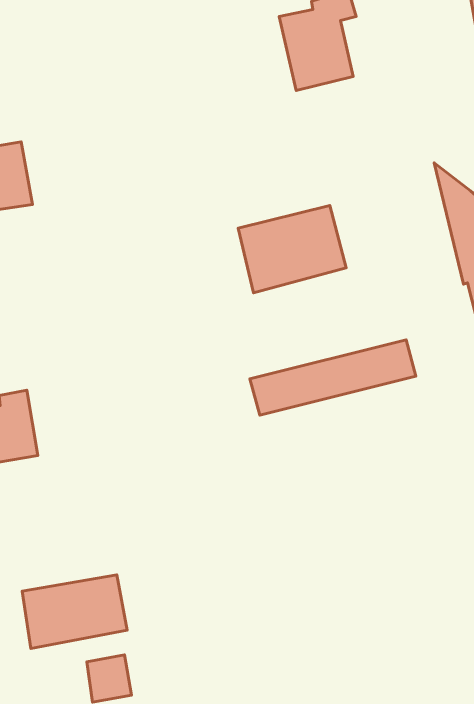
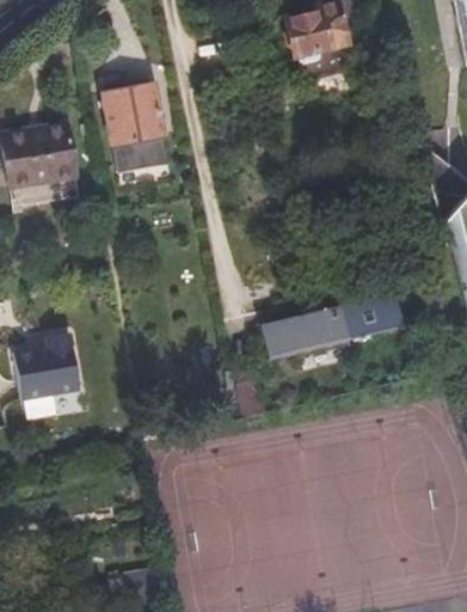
building: none -> [104,80,166,161]
building: [238,205,346,293] -> none
building: [22,575,127,648] -> none

